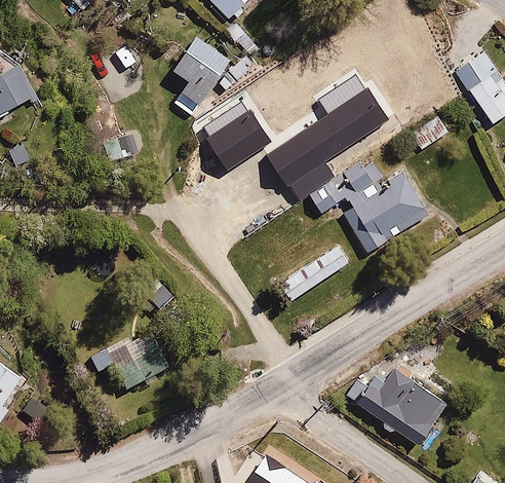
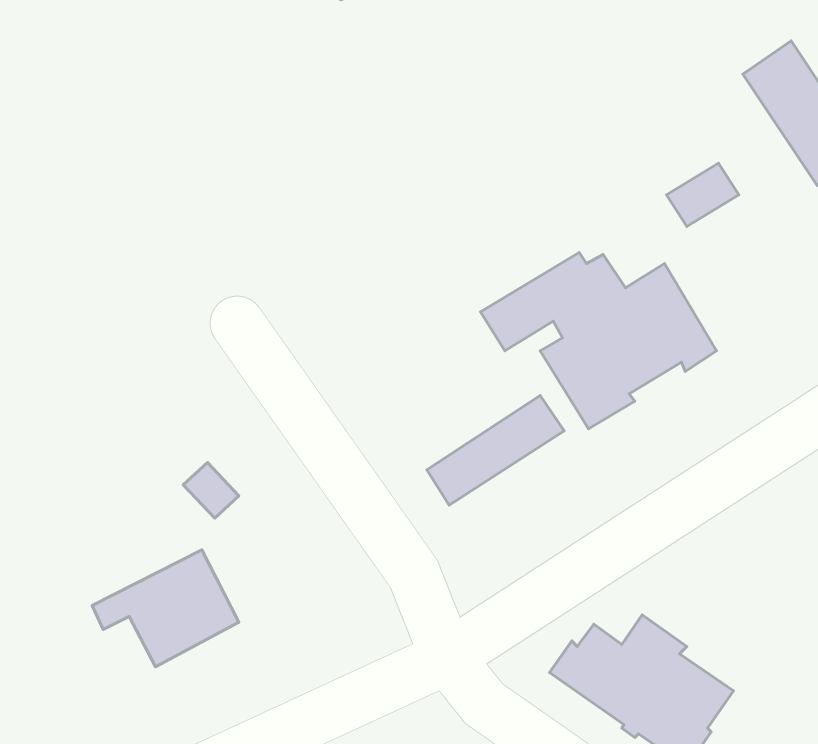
building: [169,36,231,115] -> none
building: [265,73,388,198] -> none
building: [202,101,271,170] -> none

